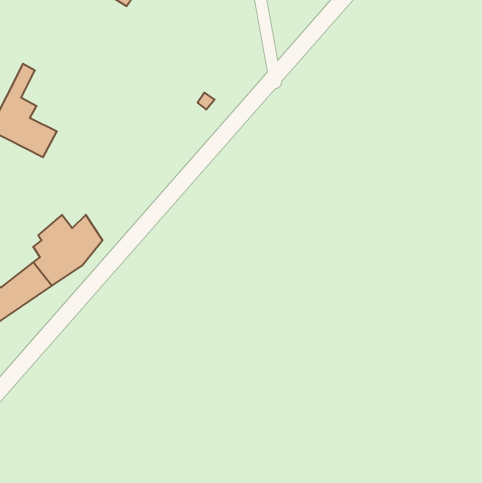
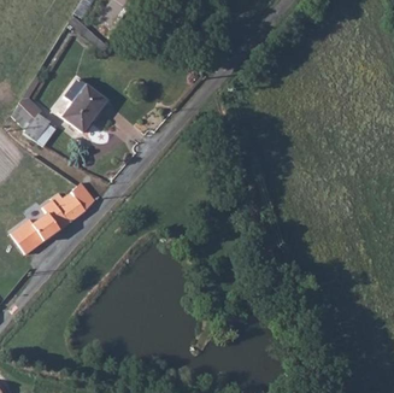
building: none -> [58,74,102,124]

